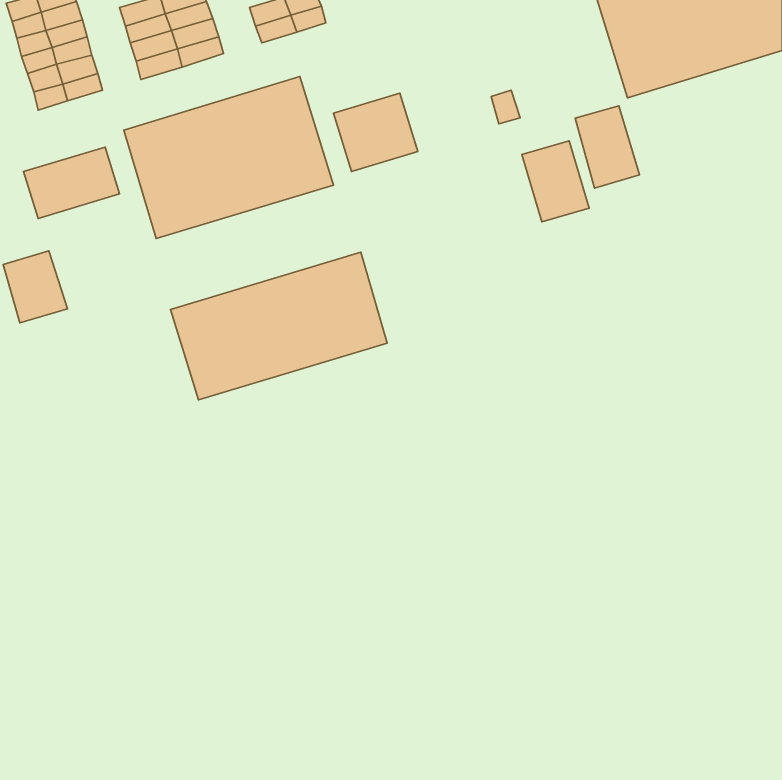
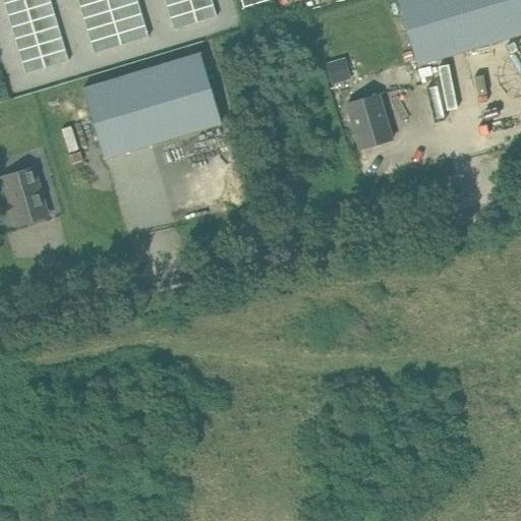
building: [333,93,418,172] -> none
building: [575,106,639,188] -> none
building: [24,147,119,218] -> none
building: [171,252,387,400] -> none

